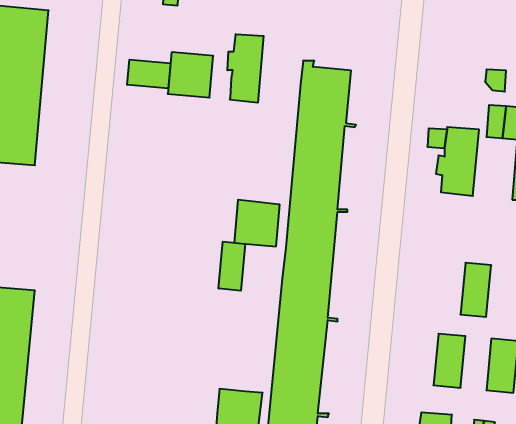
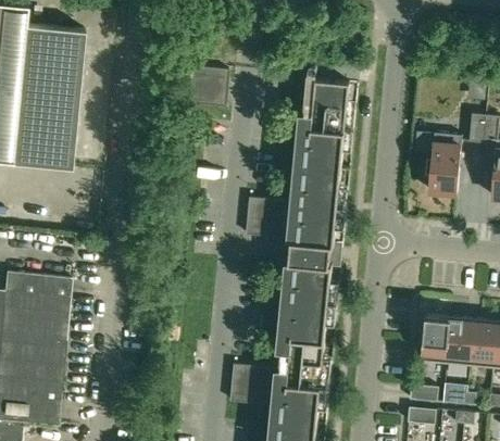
building: [227,34,264,103] -> none
building: [127,60,171,88] -> none
building: [219,242,245,291] -> none
building: [460,263,491,317] -> [445,318,472,366]

